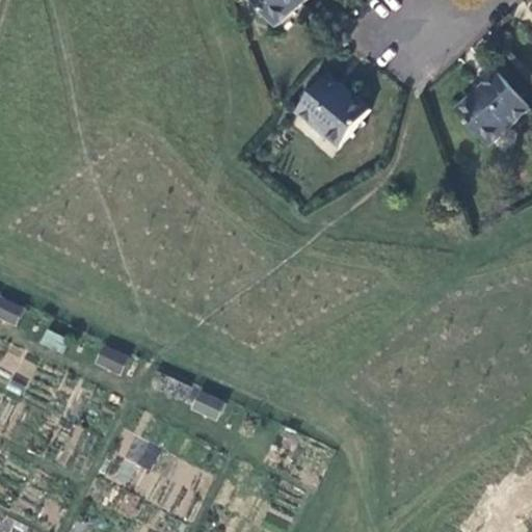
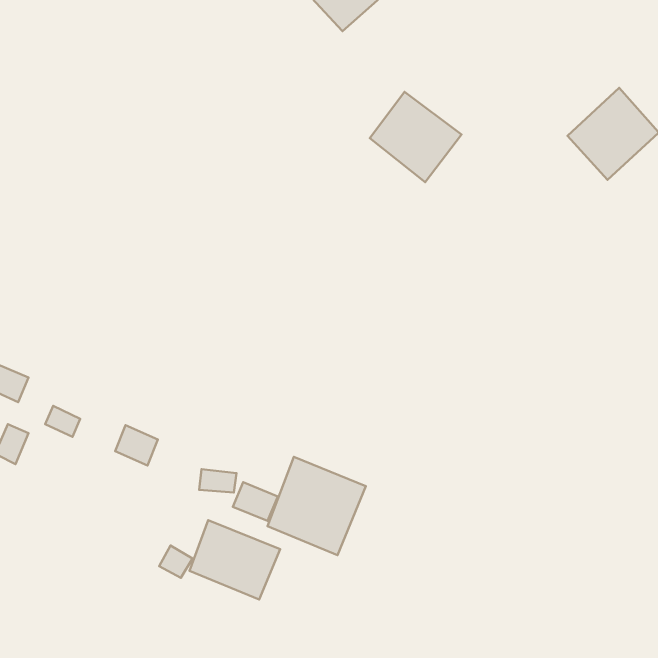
building: none -> [268,457,366,555]
building: none -> [190,520,280,599]

